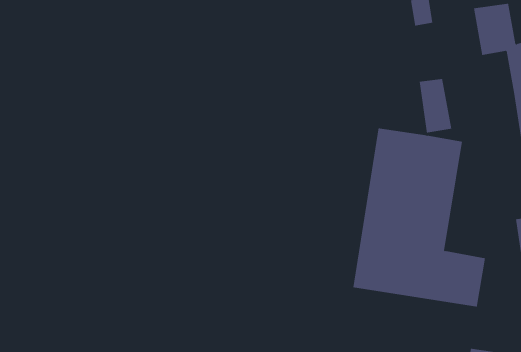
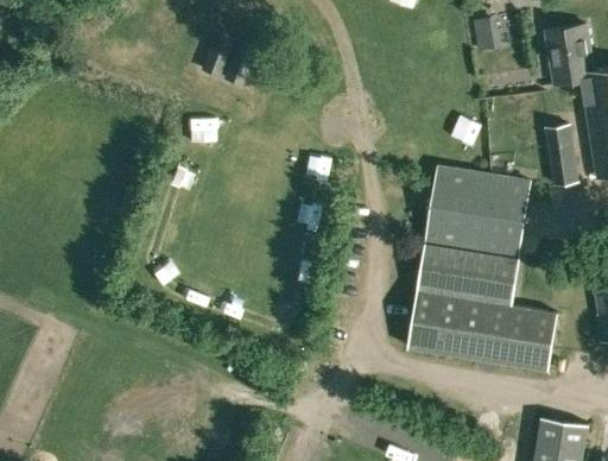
building: [419,78,452,133] -> [544,124,582,185]

